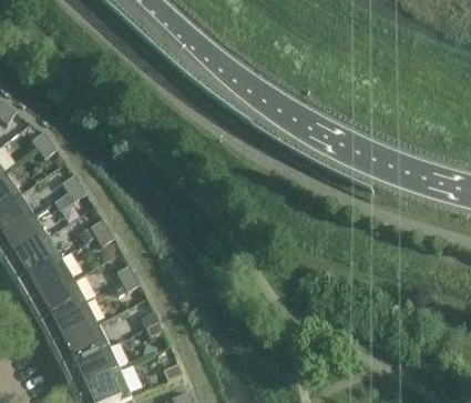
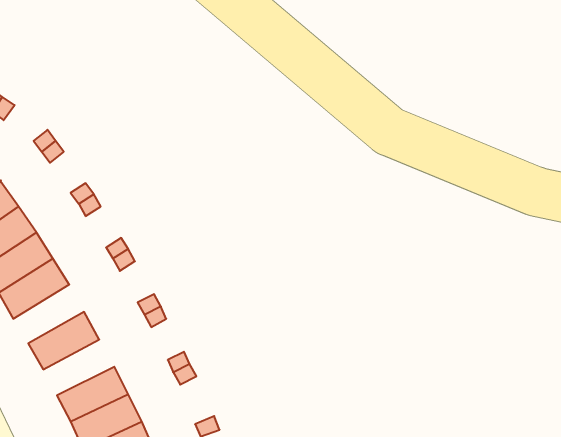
building: [16,255,73,303] -> none
building: [40,300,98,345] -> none

